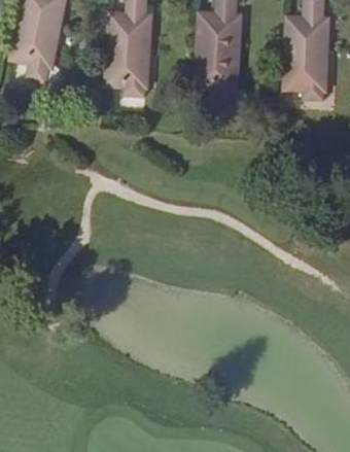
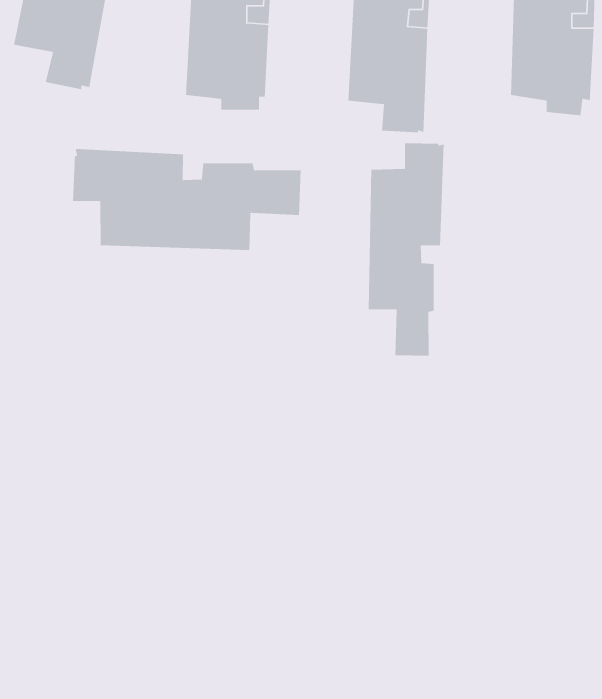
building: none -> [368,142,445,356]
building: none -> [72,148,302,251]

